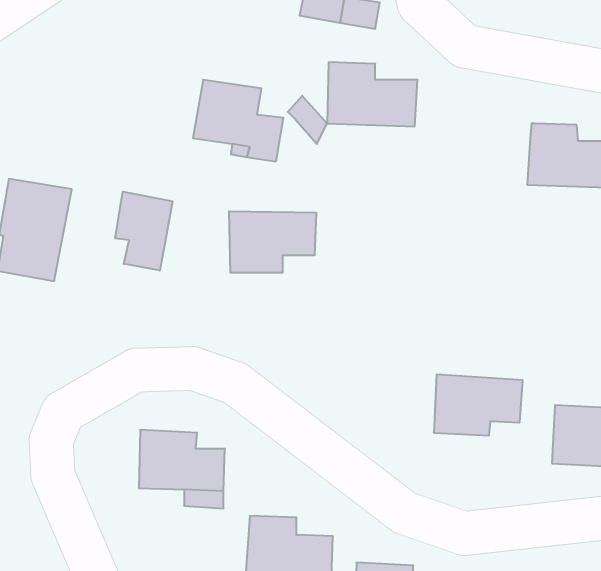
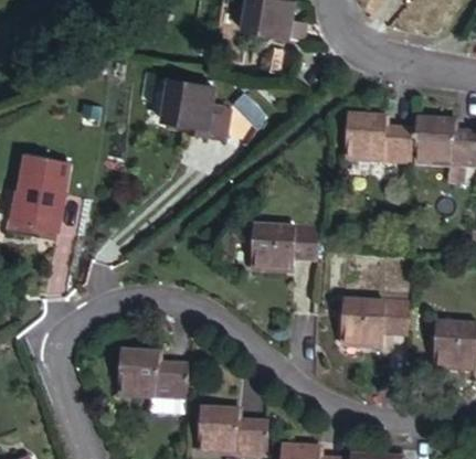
building: [327,62,418,126] -> [347,110,415,159]
building: [115,192,173,271] -> none
building: [229,211,316,273] -> [250,225,316,271]

